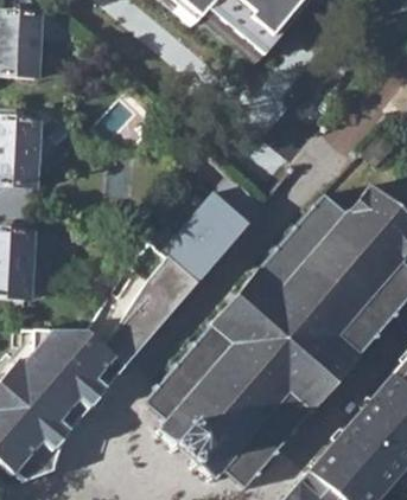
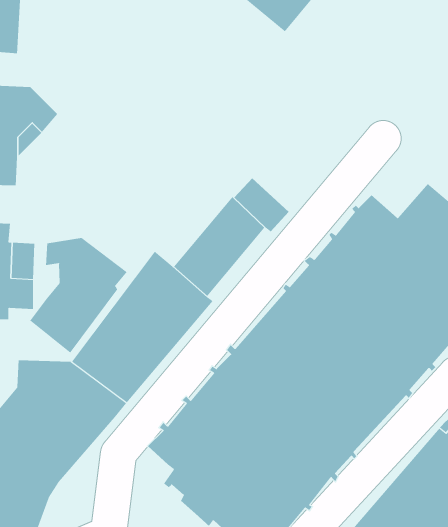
building: none -> [29,237,127,353]

